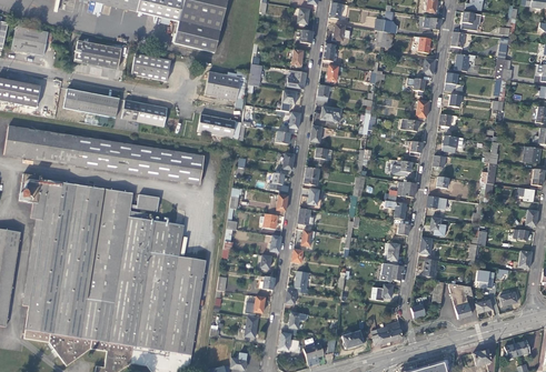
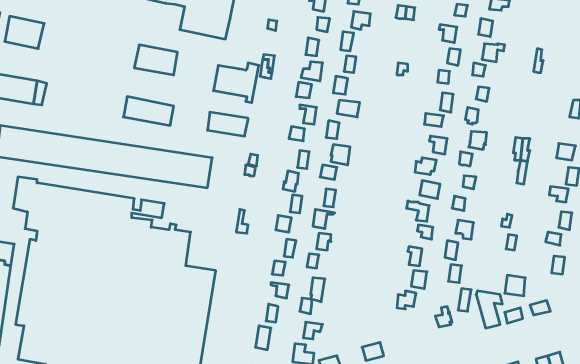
building: [75,42,121,70] -> none
building: [63,91,120,119] -> none
building: [370,319,401,343] -> none

